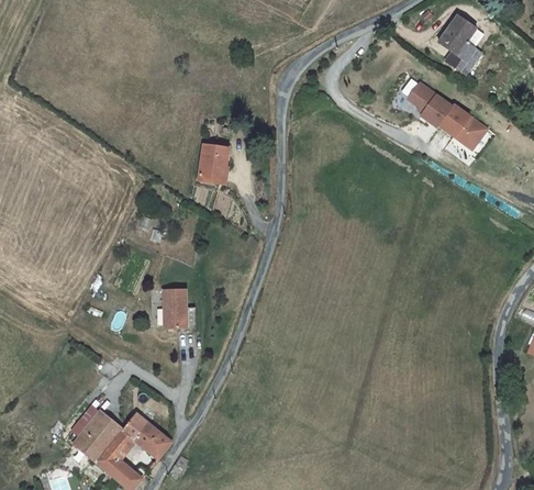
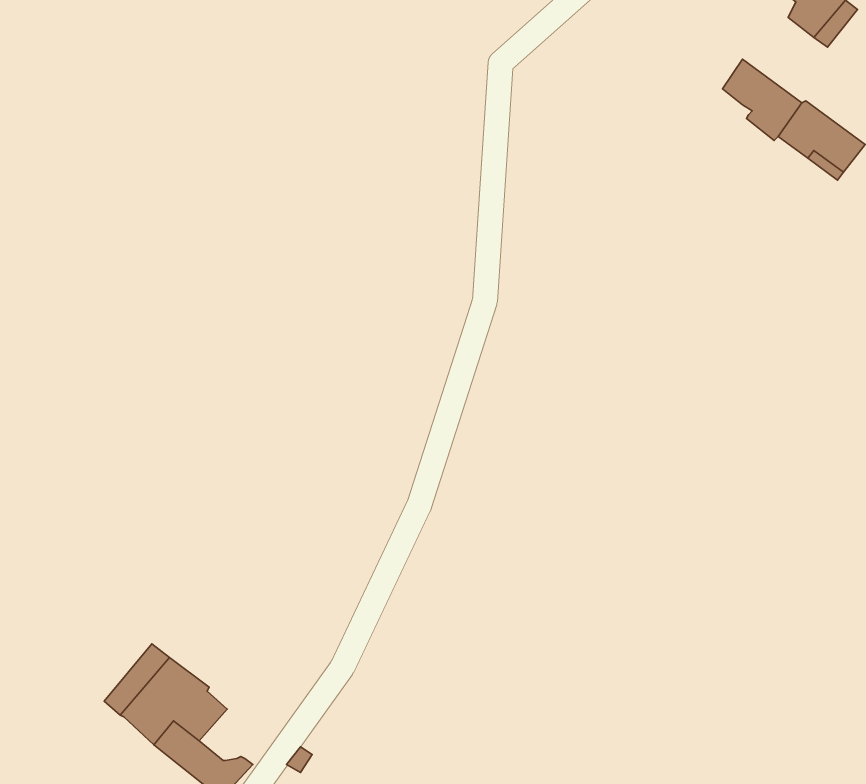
building: [201,144,232,183] -> none
building: [166,289,188,326] -> none
building: [122,415,169,460] -> none

